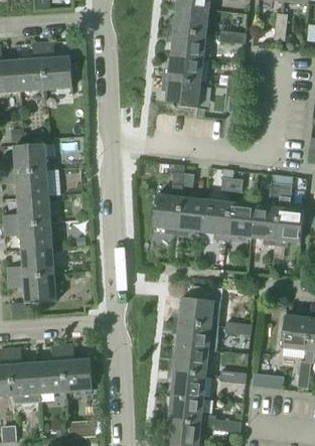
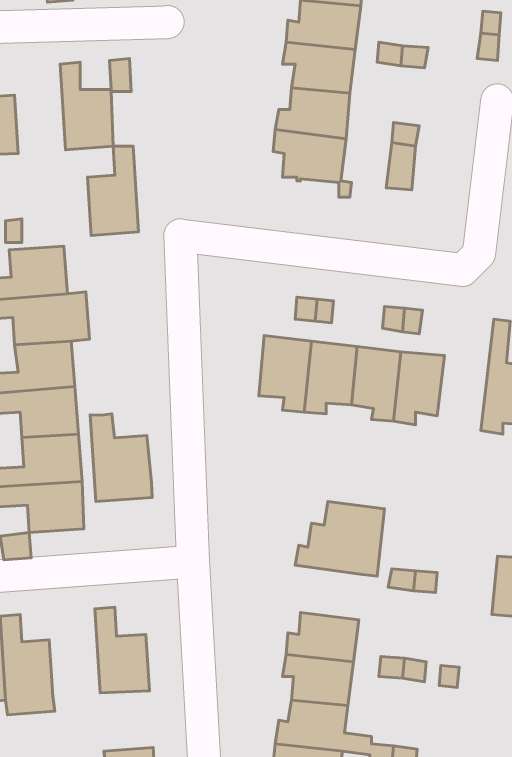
building: [17,43,45,93] -> [88,146,139,235]
building: [251,183,282,246] -> none
building: none -> [90,414,152,501]
building: [171,320,217,350] -> none
building: [36,344,64,393] -> none

